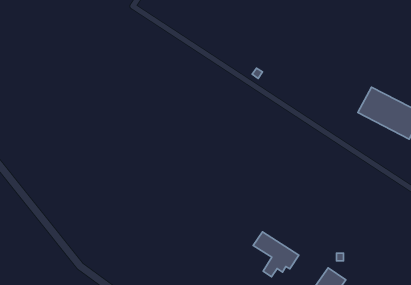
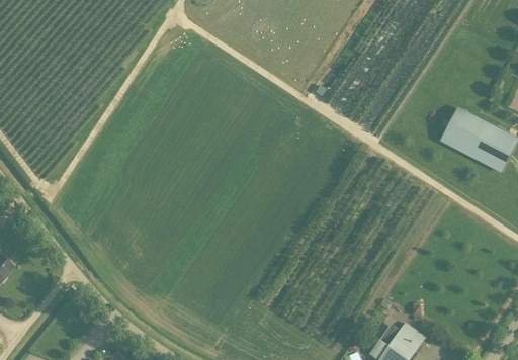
building: [253,232,299,277] -> none

